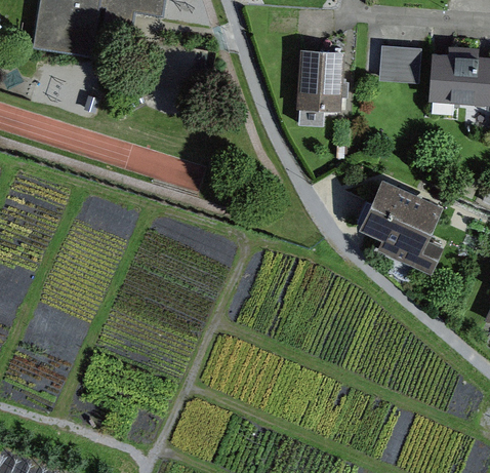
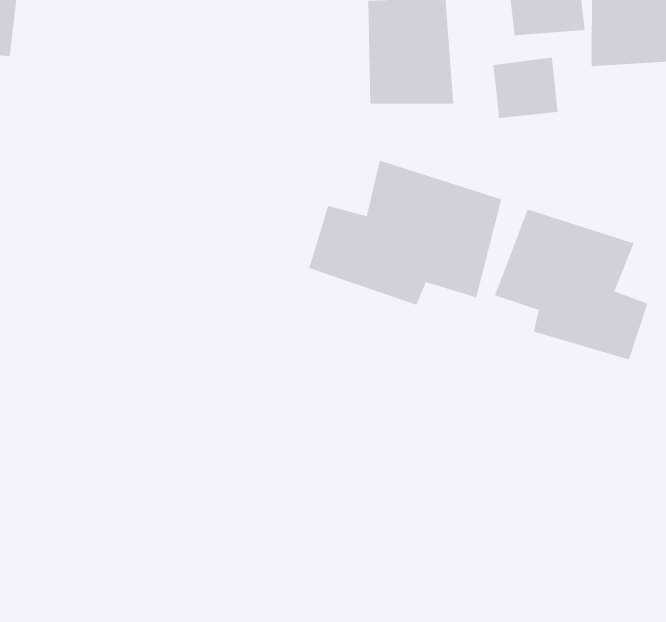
building: none -> [493,57,558,119]
building: none -> [308,160,502,305]

